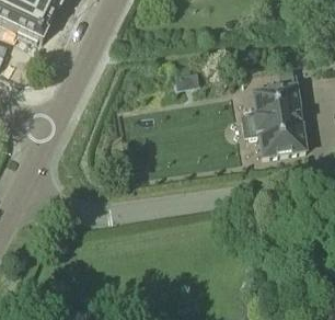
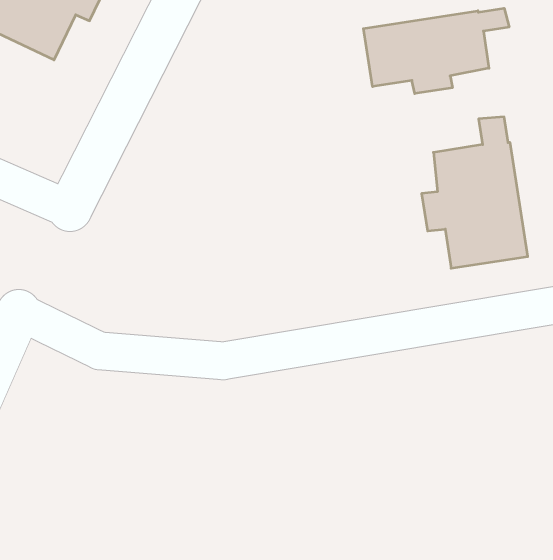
building: none -> [363,8,509,94]

